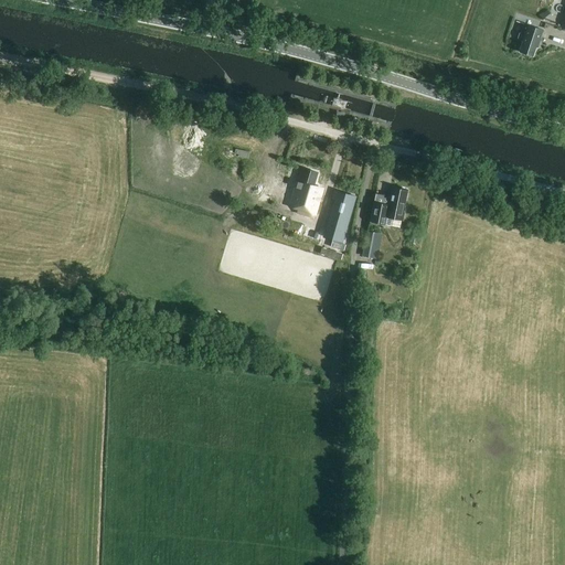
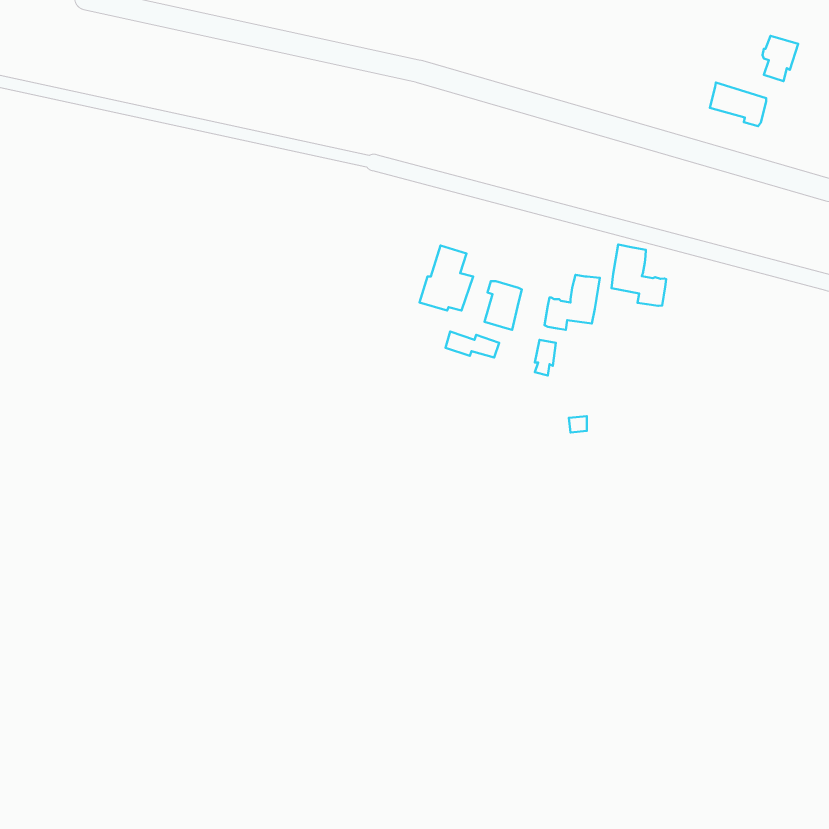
building: none -> [710,82,766,126]
building: none -> [612,244,666,306]

